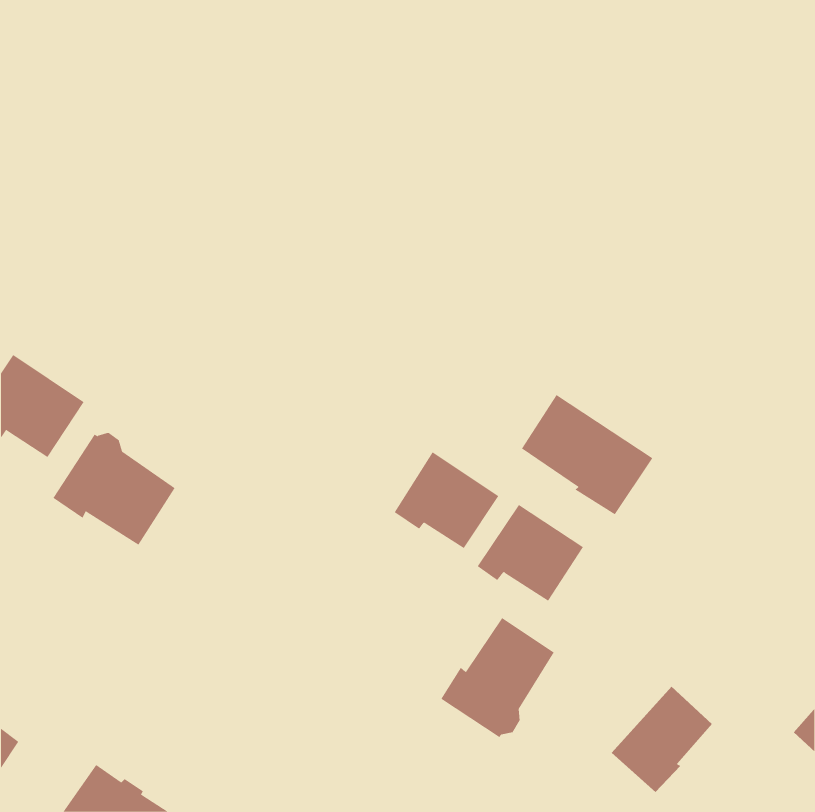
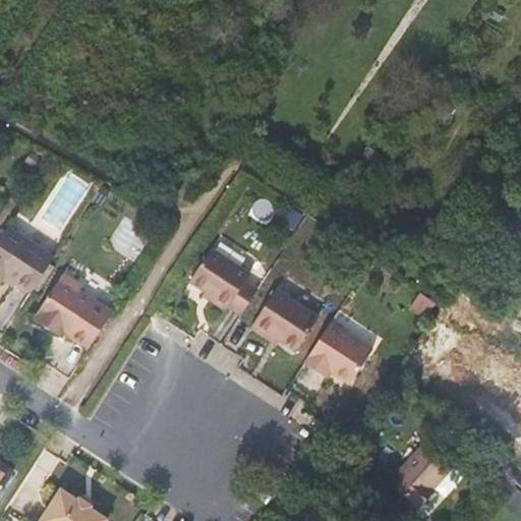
building: none -> [190,247,258,313]
building: [521,394,653,515] -> none
building: [441,617,554,738] -> none

